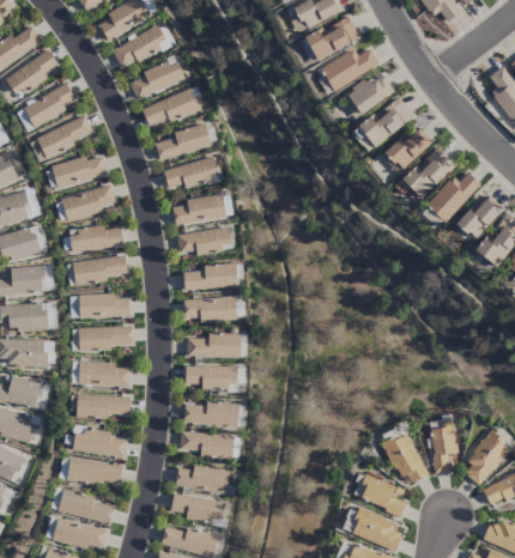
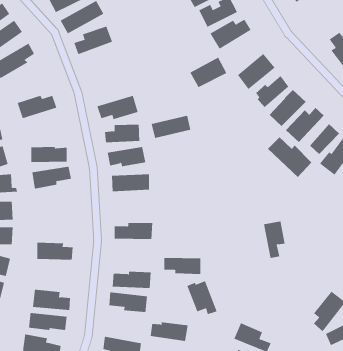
building: [343,72,395,115] -> [190,57,227,88]
building: [141,87,200,126] -> none
building: [36,117,92,158] -> none
building: [154,127,211,159] -> [151,115,191,138]
building: [61,183,116,222] -> none
building: none -> [267,137,312,178]
building: [69,293,132,317] -> none
building: [184,297,237,321] -> none
building: [78,326,133,351] -> none
building: [186,365,238,389] -> [163,257,201,274]
building: [77,394,131,417] -> none
building: [428,420,459,473] -> [263,221,285,258]
building: [383,433,426,481] -> [187,281,217,315]
building: [176,466,230,493] -> [150,322,188,341]

